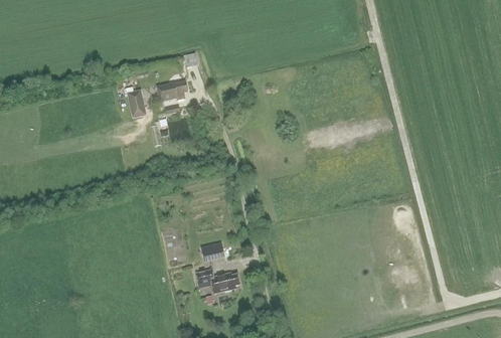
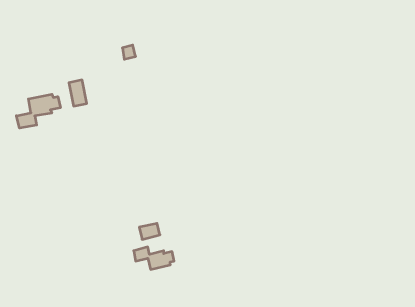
building: [157,80,187,102] -> none
building: none -> [16,94,60,128]

